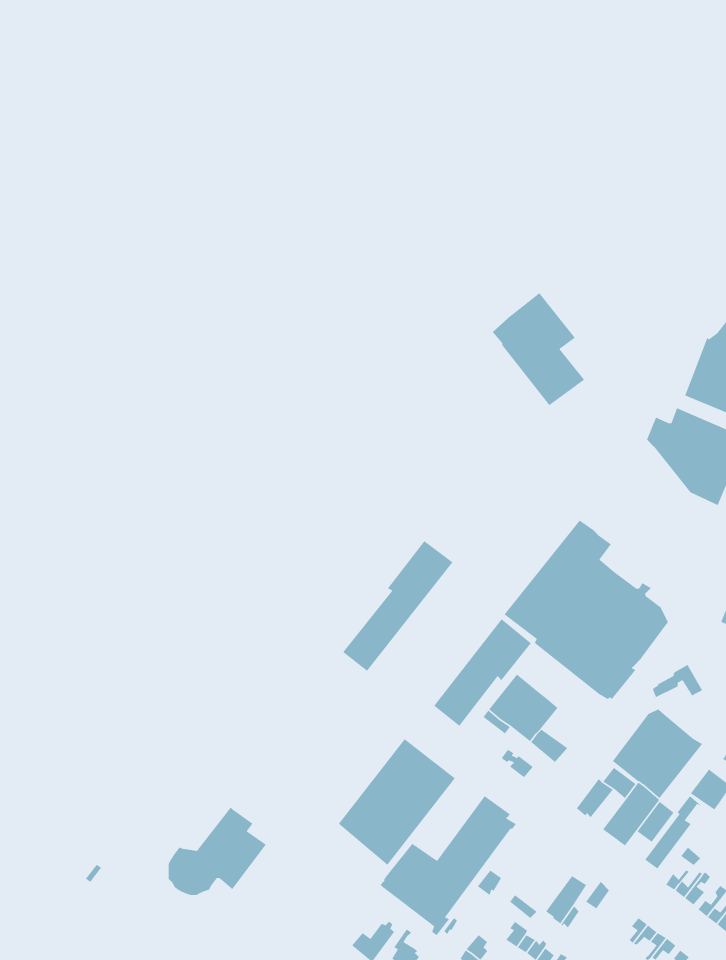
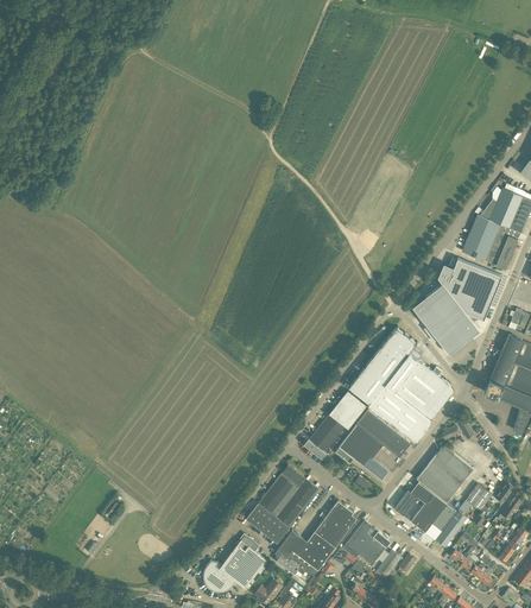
building: [492,292,585,406] -> [413,283,472,354]
building: [342,540,454,672] -> none
building: none -> [358,410,411,457]
building: [168,806,267,896] -> [204,536,266,591]
building: none -> [347,520,391,564]

